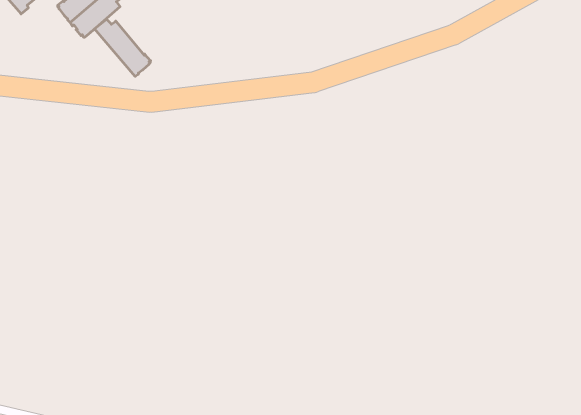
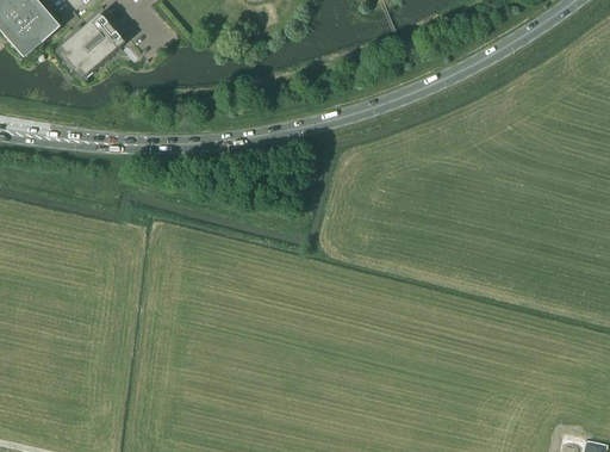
building: [95,19,151,76] -> none

